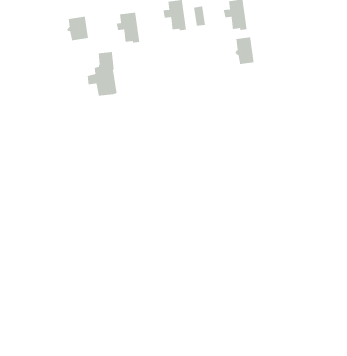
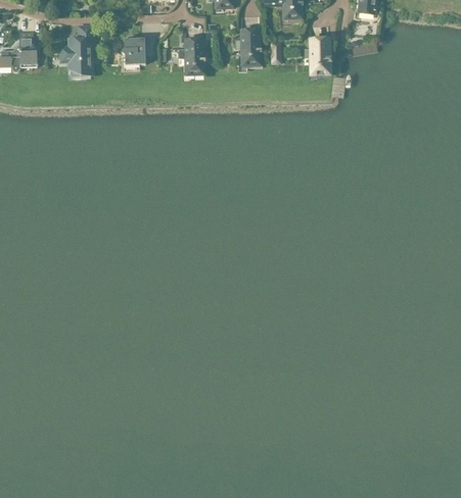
building: [235,37,255,65] -> none
building: [87,51,117,96] -> [62,23,95,73]

